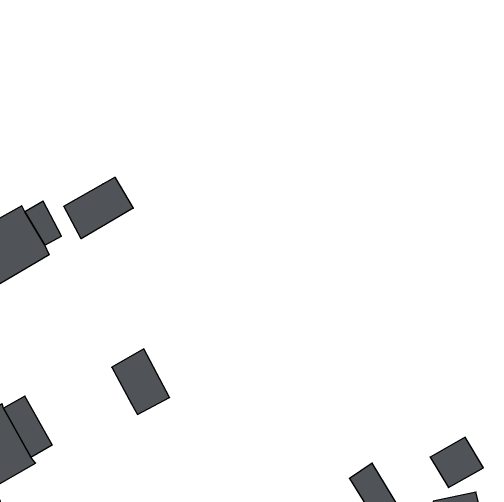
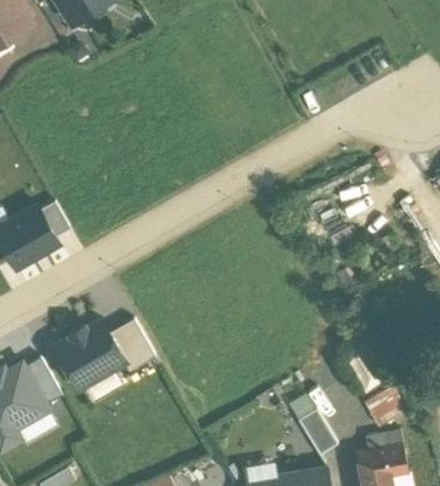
building: [64,177,133,239] -> none
building: none -> [55,322,125,390]

